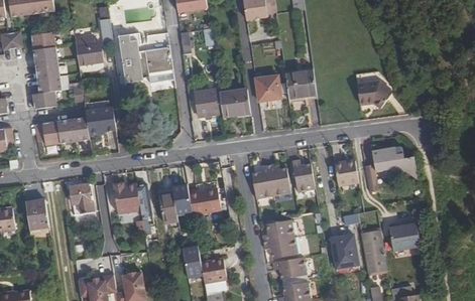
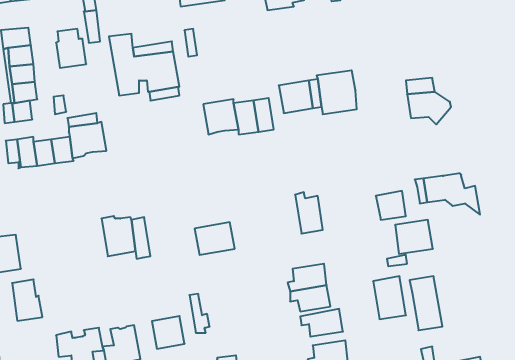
building: [292,161,315,193] -> none
building: [251,166,273,200] -> none
building: [70,183,94,216] -> [12,279,42,321]
building: [158,189,177,223] -> none
building: [388,225,419,253] -> [395,220,433,254]
building: [200,259,226,285] -> [152,316,185,349]

